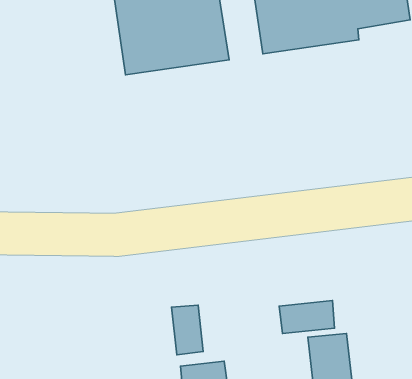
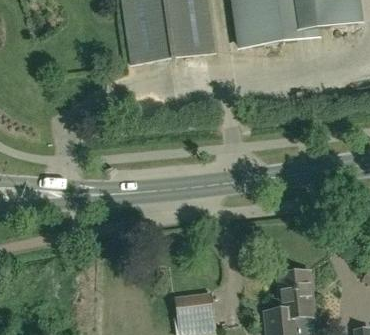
building: [279,301,334,333] -> none
building: [172,305,203,355] -> none

